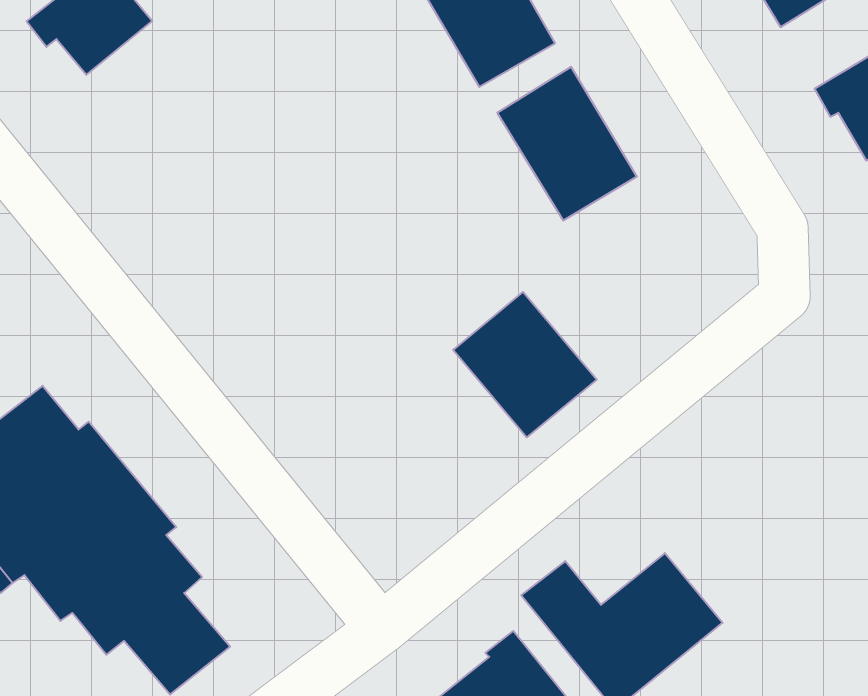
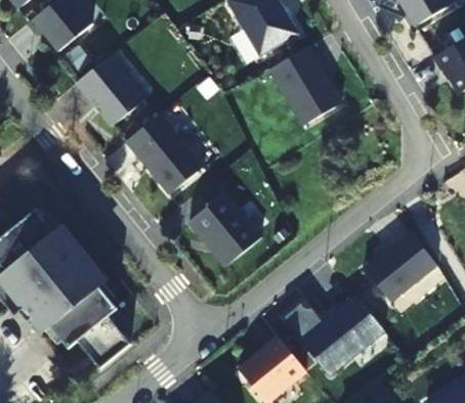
building: none -> [77,56,146,127]
building: none -> [127,114,205,195]
building: [453,292,597,437] -> [189,192,263,267]
building: none -> [365,232,437,303]

